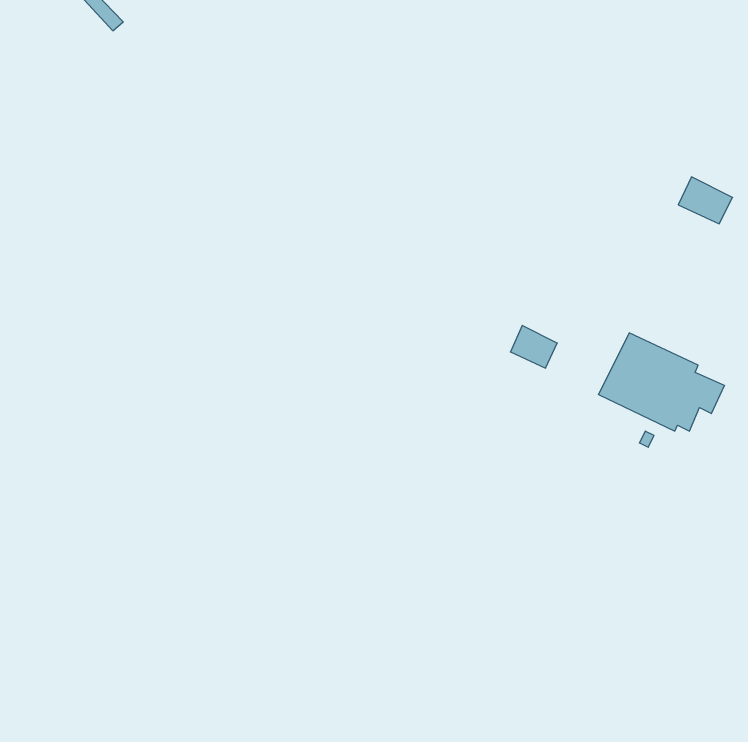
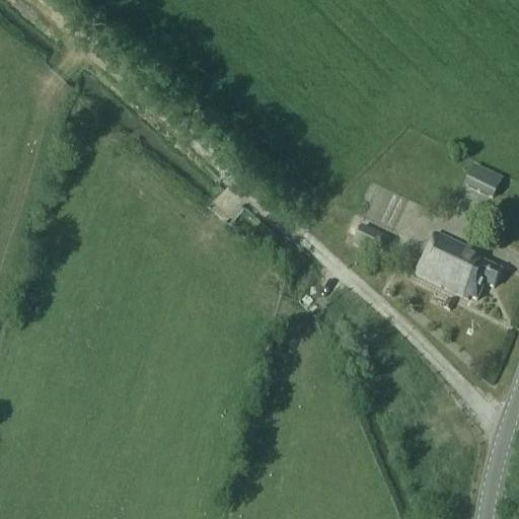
building: [678,177,733,224] -> [463,163,501,196]

